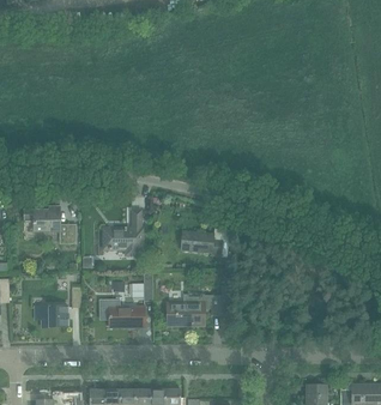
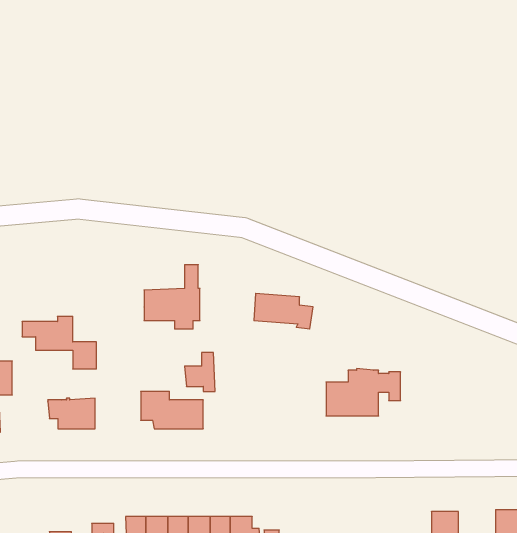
building: [24,206,77,243] -> [22,316,96,369]
building: [168,291,220,325] -> [326,369,401,416]

